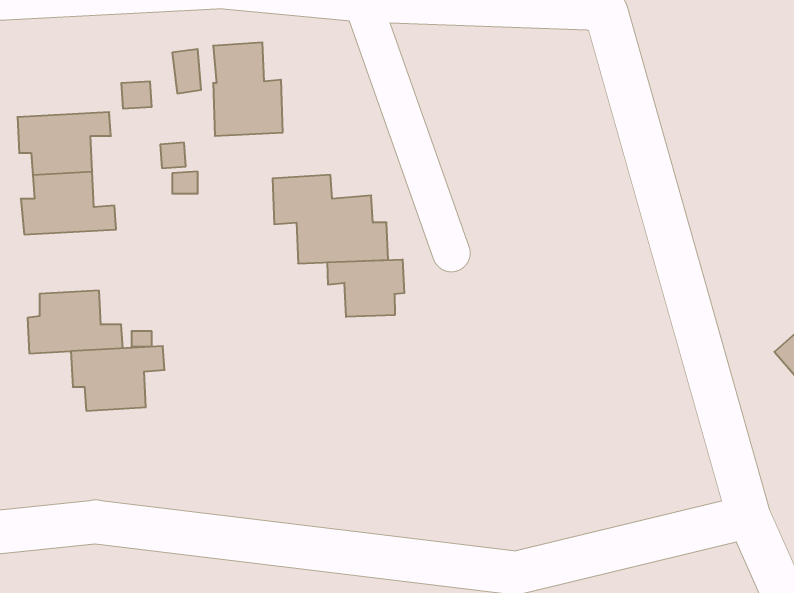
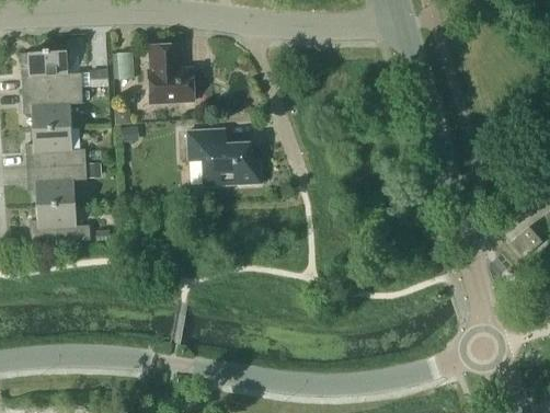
building: none -> [20,50,81,92]
building: [327,259,404,317] -> none
building: [71,346,165,411] -> [26,164,87,206]

